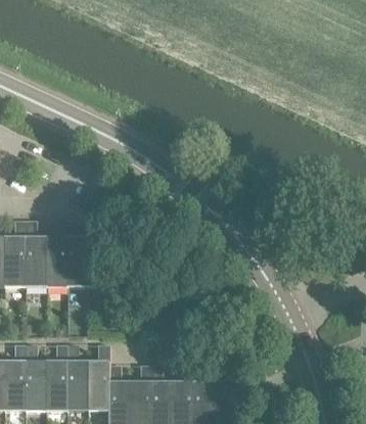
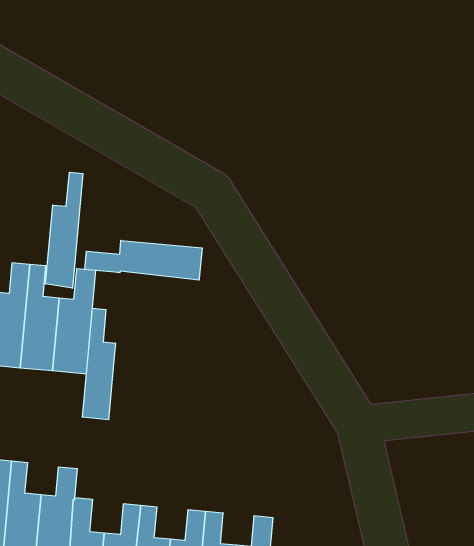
building: none -> [45,172,83,288]
building: none -> [85,240,202,280]
building: none -> [82,308,115,420]

